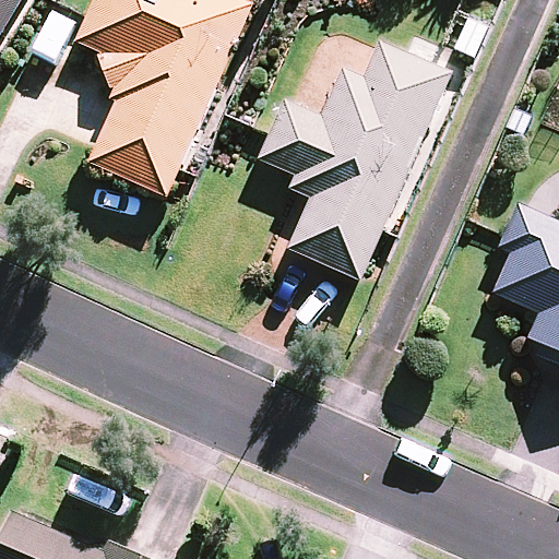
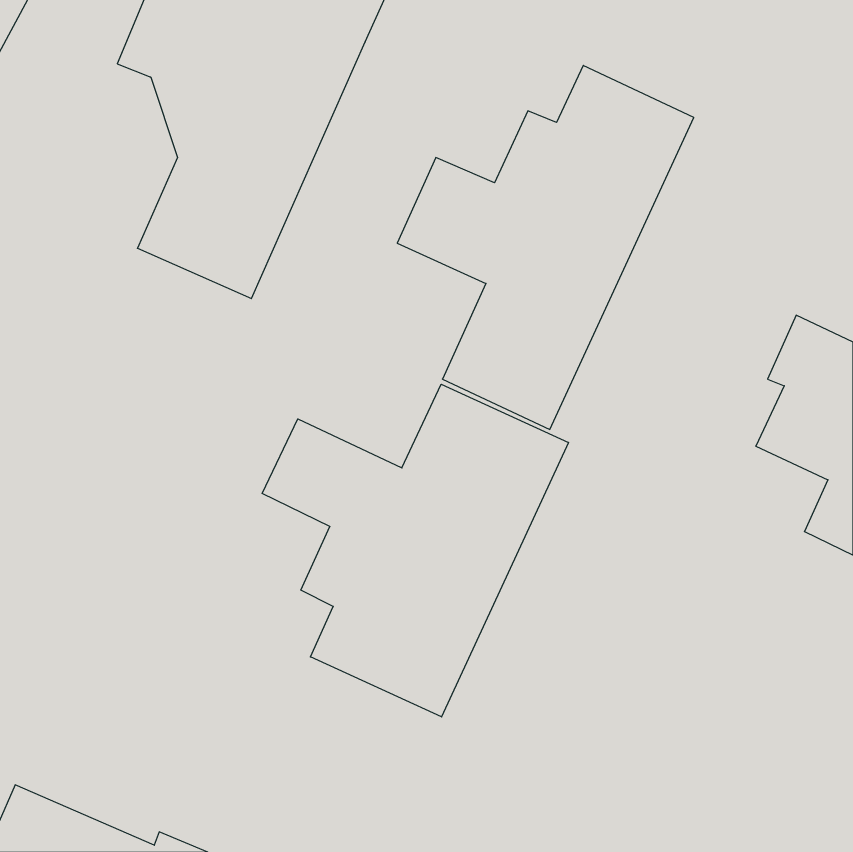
building: none -> [262,384,568,717]

